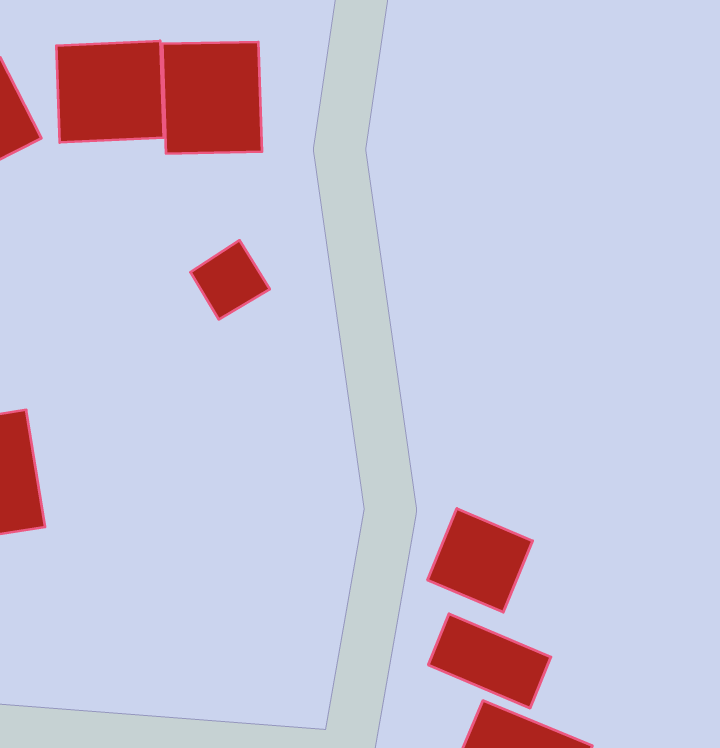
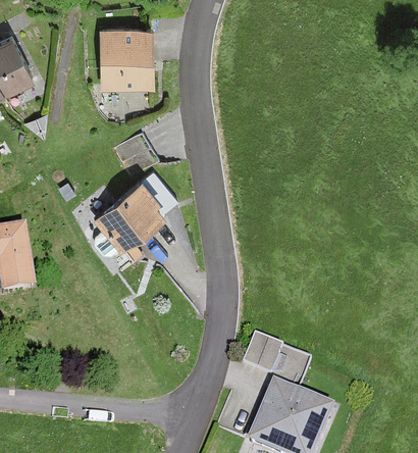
building: [56,41,163,143] -> none
building: none -> [93,172,175,252]
building: [428,508,533,612] -> none

